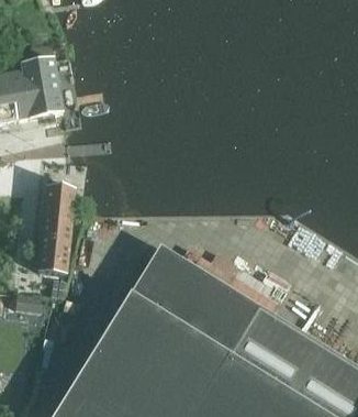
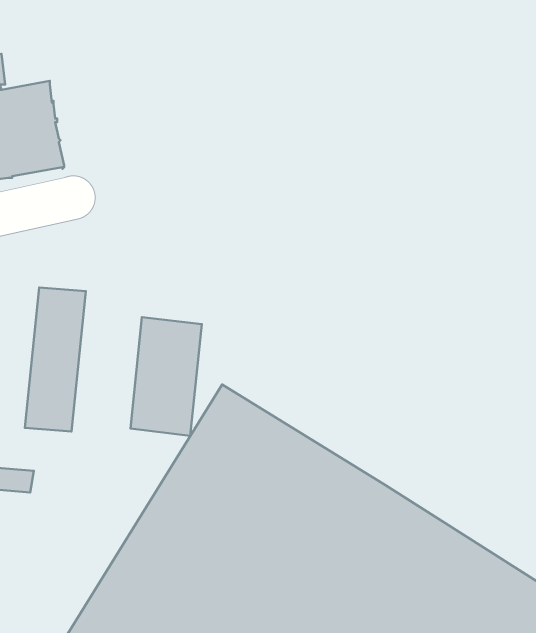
building: none -> [131,317,202,436]

